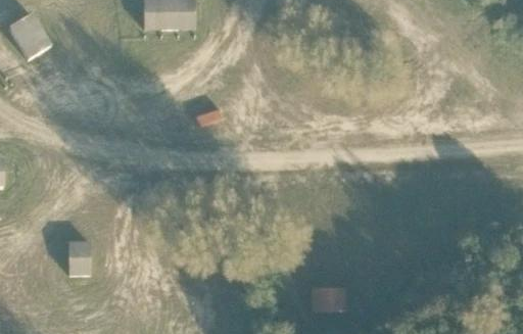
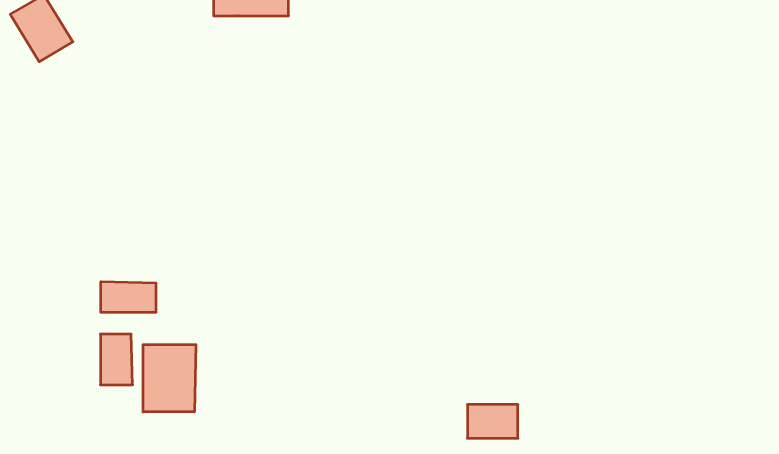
building: none -> [101,282,156,312]
building: none -> [143,345,196,412]

